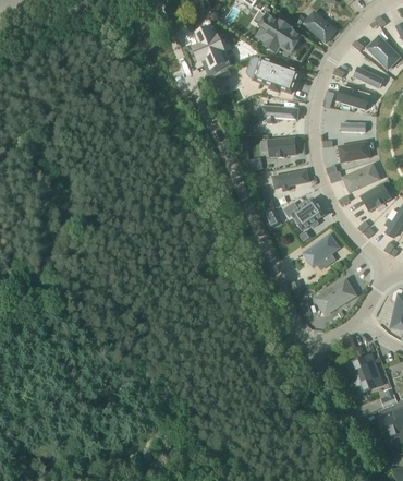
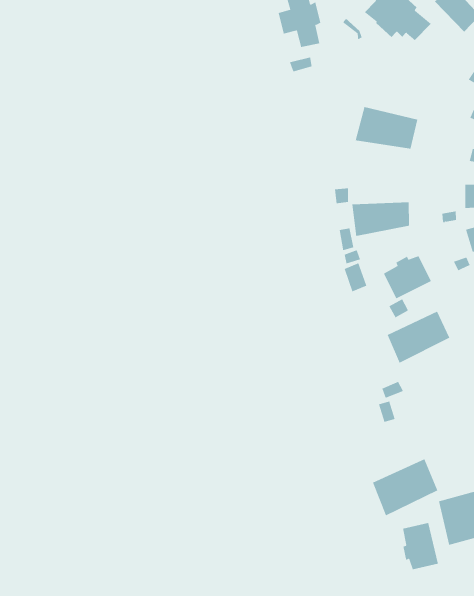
building: [254,58,300,94] -> none
building: [260,136,301,158] -> none
building: [314,277,359,320] -> [372,459,438,516]
building: none -> [403,522,439,570]

